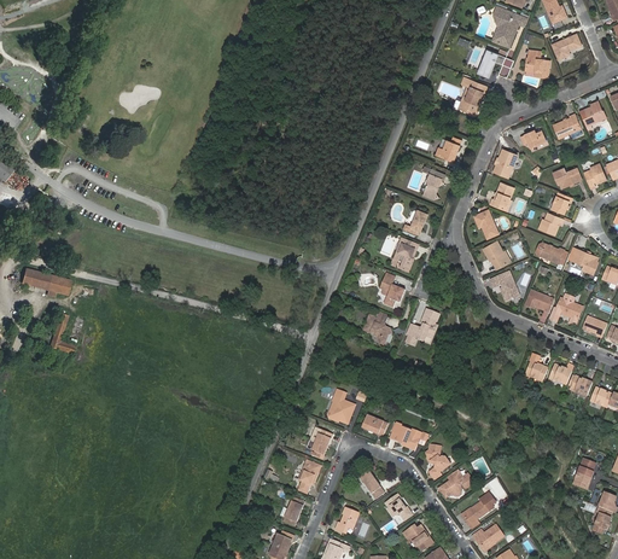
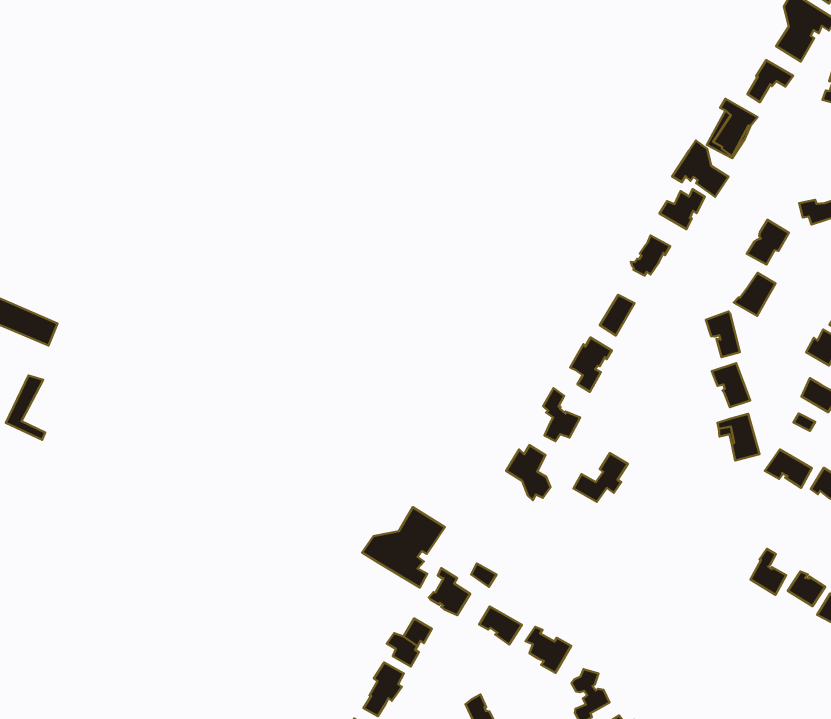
building: none -> [672,140,728,197]
building: none -> [362,507,445,588]

